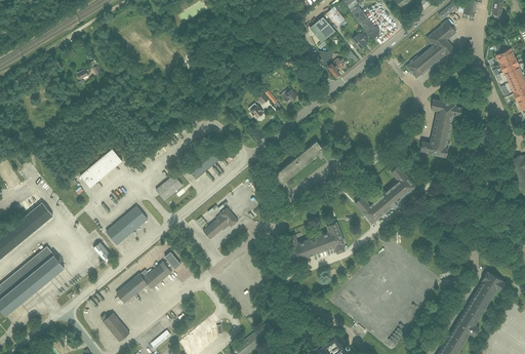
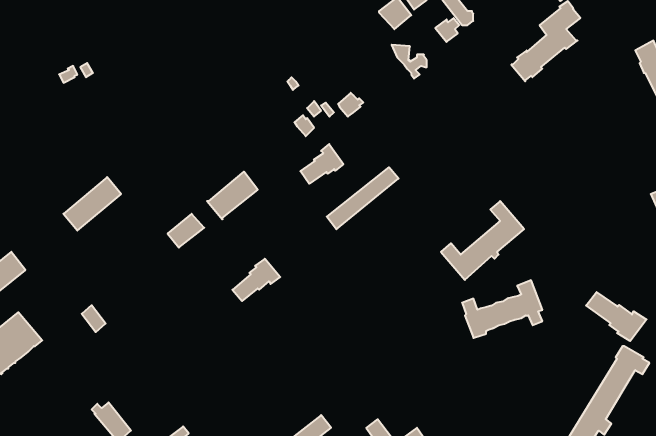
building: [419,99,461,156] -> none
building: none -> [300,144,343,184]
building: [106,205,148,244] -> none
building: [286,221,345,263] -> [462,280,542,338]
building: none -> [586,292,647,341]
building: [116,251,180,303] -> none

